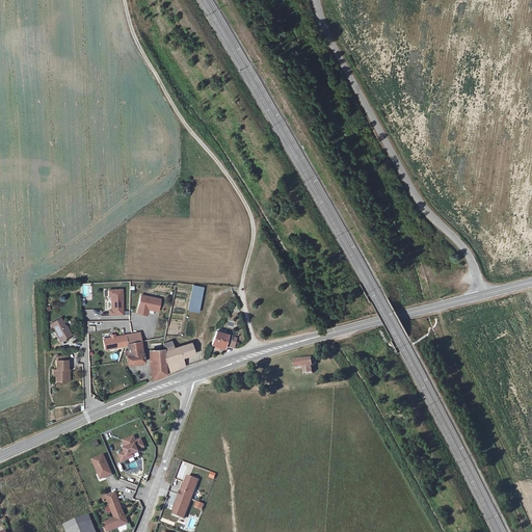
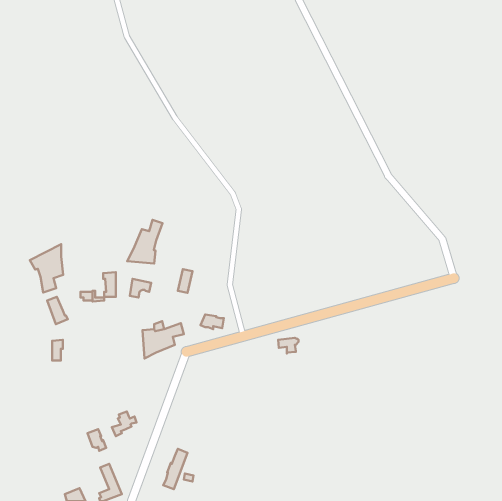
building: none -> [127,220,163,263]
building: none -> [30,244,63,293]
building: [107,331,144,364] -> none

